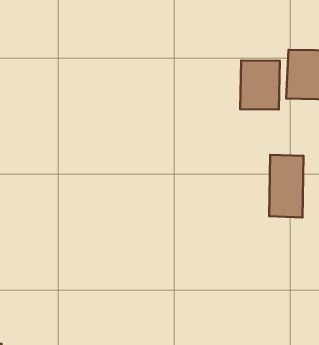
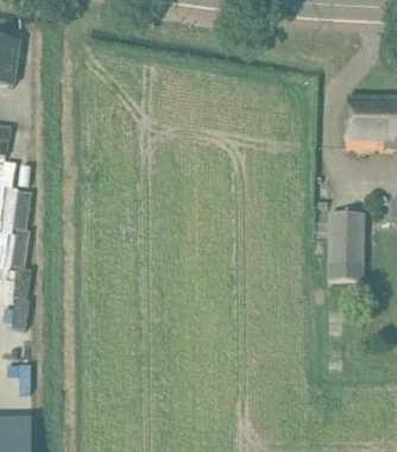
building: [240,60,280,110] -> none

